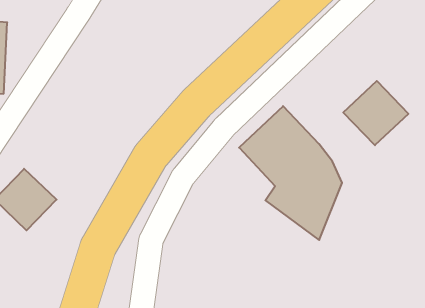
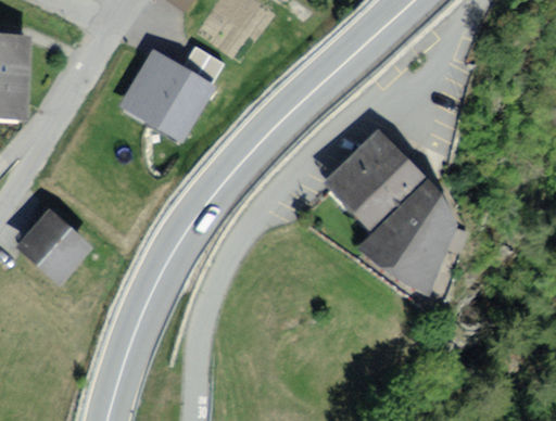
building: none -> [119,34,224,137]
building: [343,81,408,145] -> none

